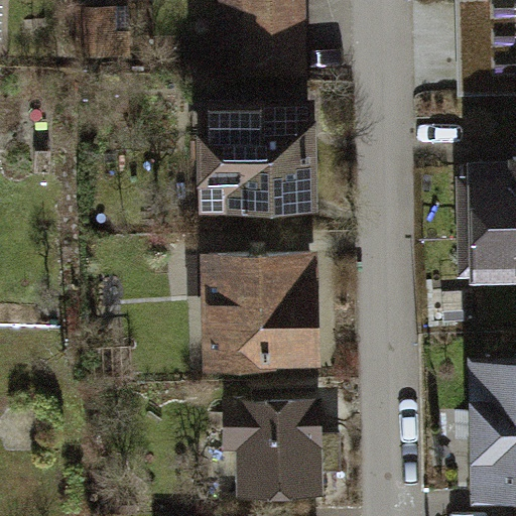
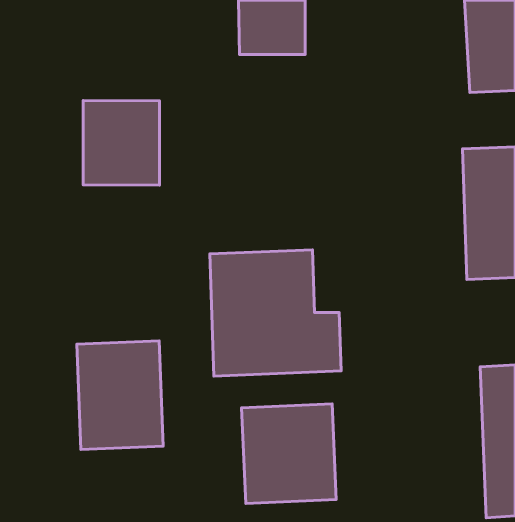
building: [201,90,330,216] -> none
building: none -> [83,101,159,185]
building: none -> [77,341,163,449]

